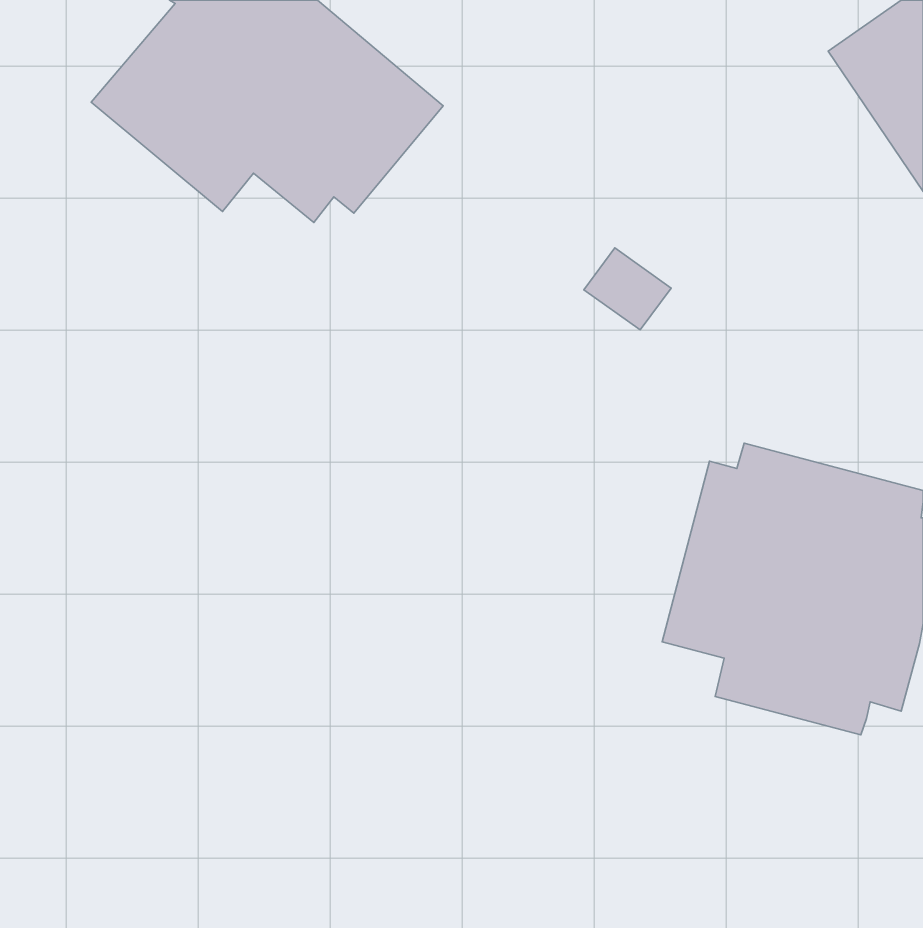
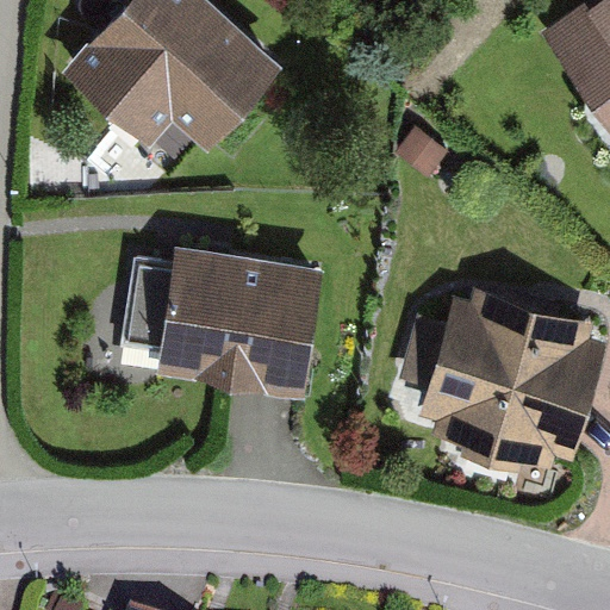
building: none -> [122,247,318,392]

